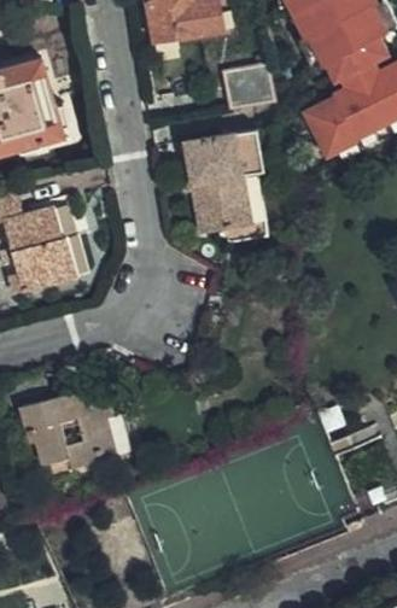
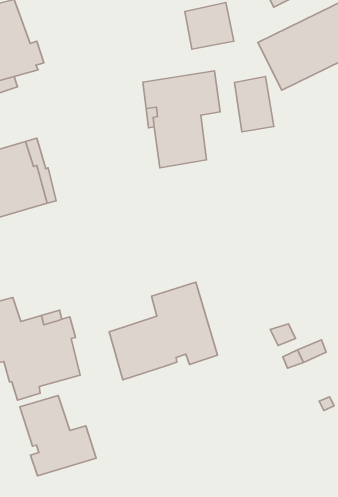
building: none -> [234,77,274,132]
building: none -> [109,282,218,380]
building: none -> [20,396,96,476]

